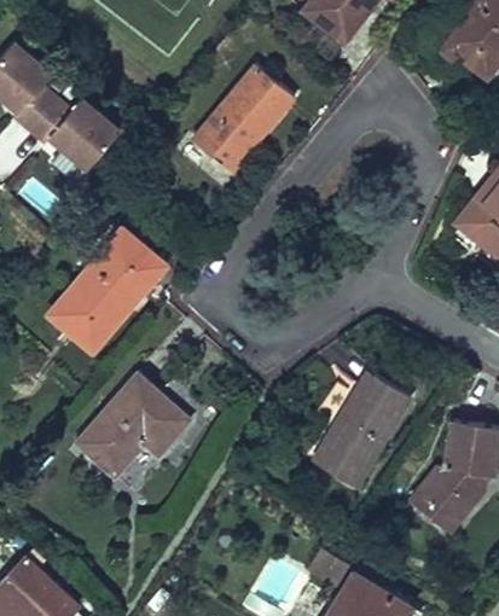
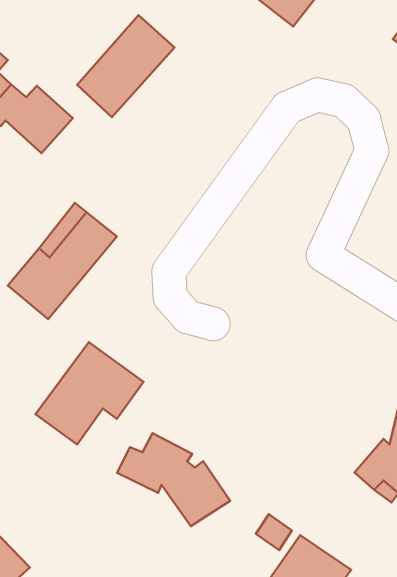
building: [195,65,296,172] -> [77,15,175,117]
building: [309,368,410,481] -> none
building: none -> [117,433,230,526]

